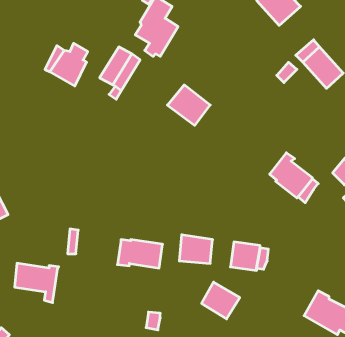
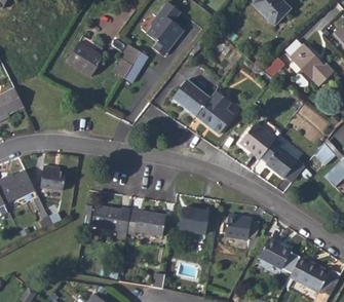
building: none -> [196,95,233,131]
building: none -> [238,120,275,158]
building: none -> [42,166,68,191]
building: [15,263,59,303] -> [95,206,133,240]
building: [202,282,240,319] -> [261,238,294,270]

